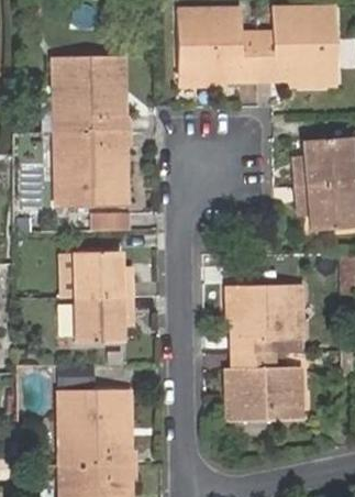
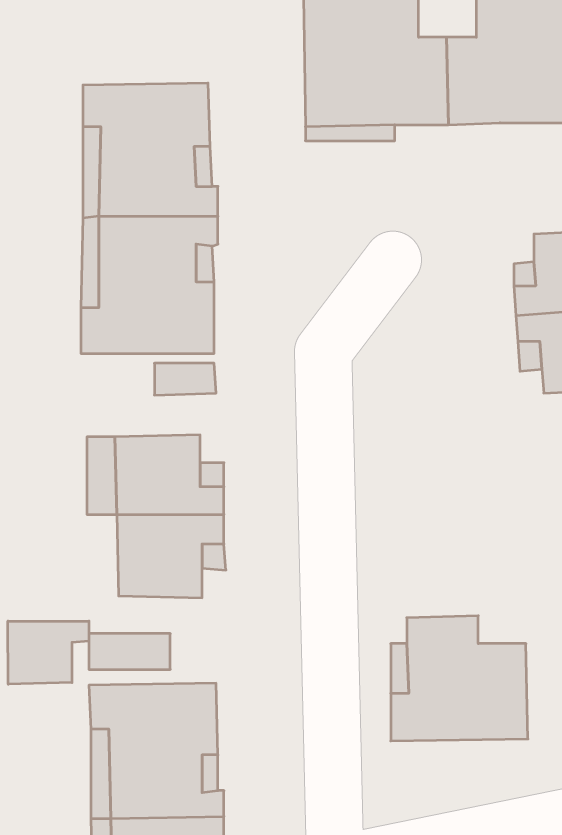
building: [226,285,300,353] -> none
building: none -> [8,621,89,684]

